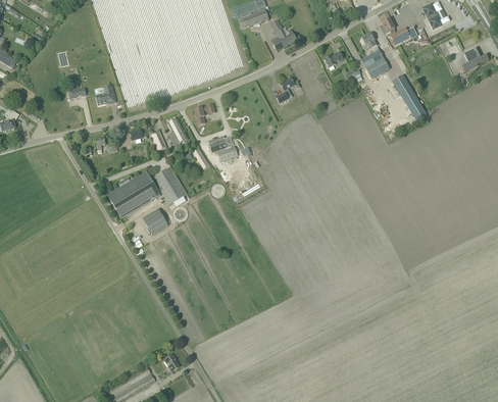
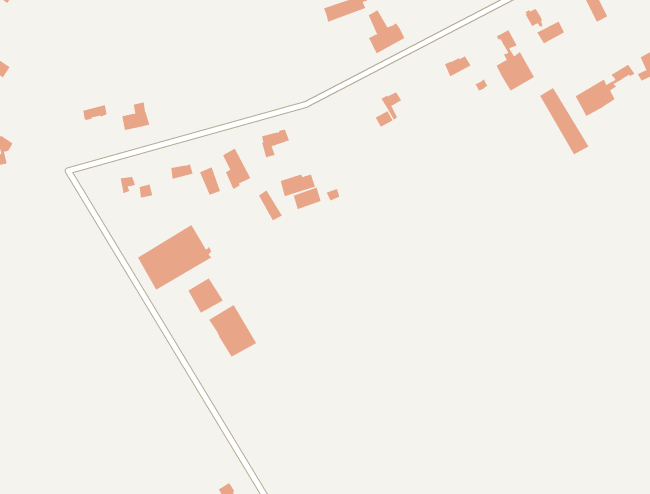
building: none -> [575,64,635,117]
building: [152,166,187,204] -> [208,304,257,357]

